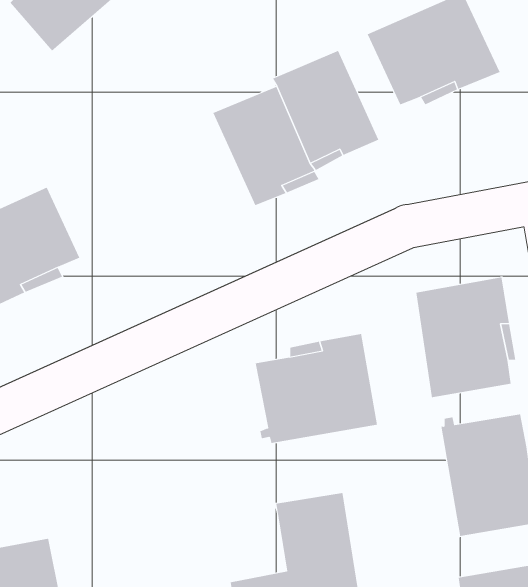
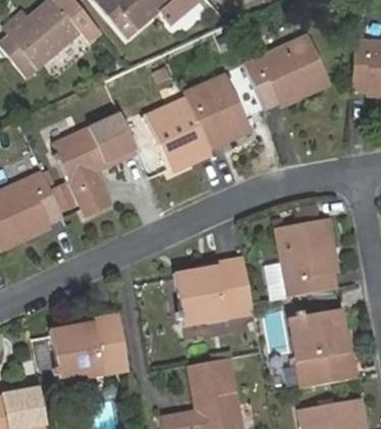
building: none -> [53,113,138,217]
building: none -> [50,314,128,384]

